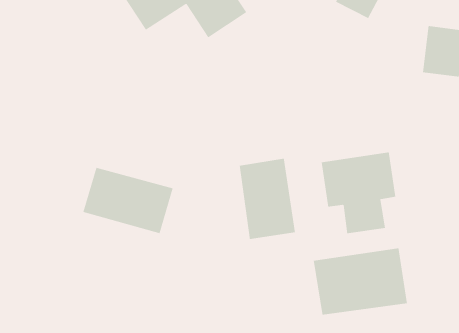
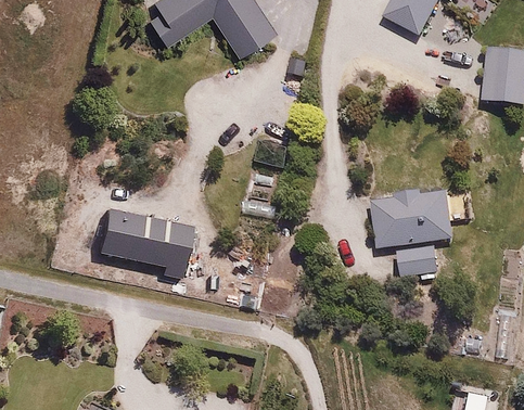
building: [239,158,295,240] -> none
building: [313,248,408,315] -> none

